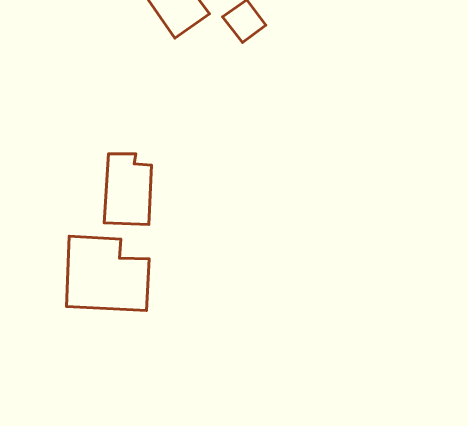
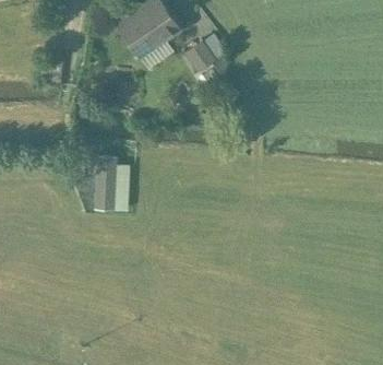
building: [67,236,149,311] -> none

